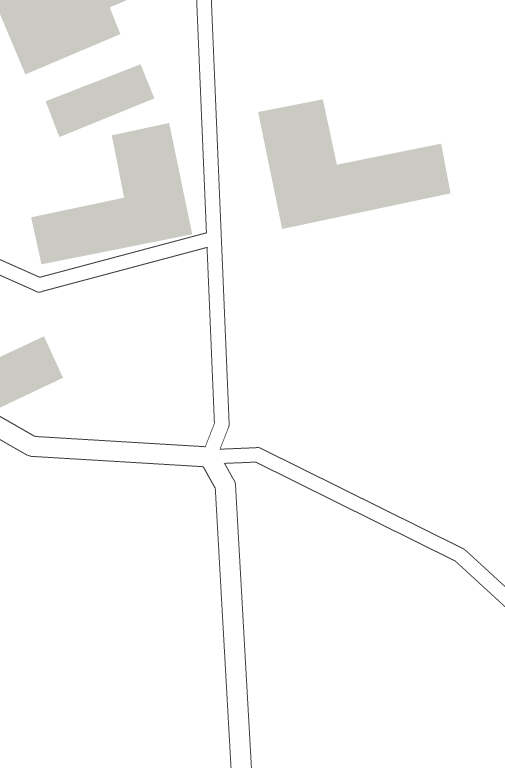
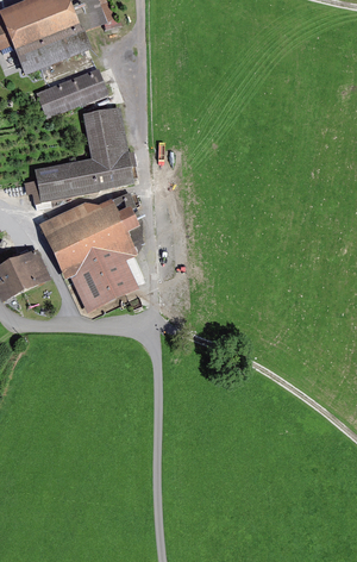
building: [257,98,452,230] -> none
building: none -> [37,199,136,307]

